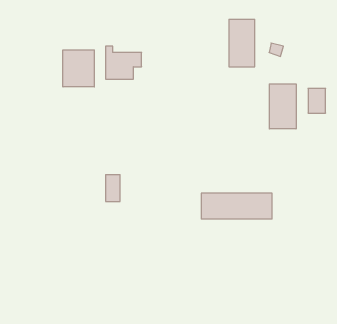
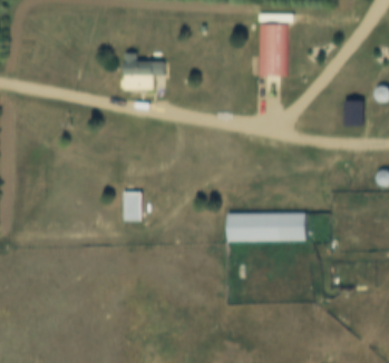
building: [63,50,94,87] -> none
building: [269,84,296,129] -> none

